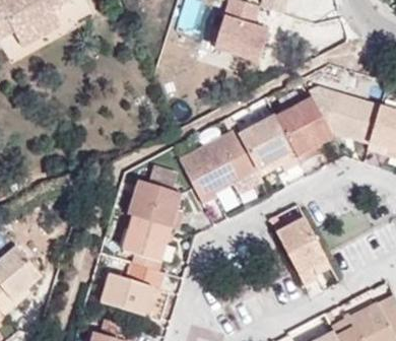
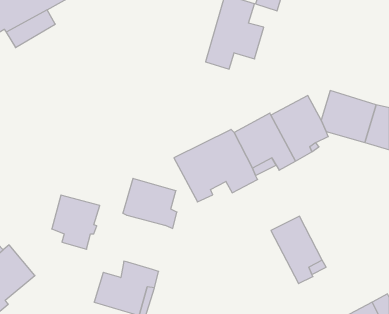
building: [124,215,172,269] -> [52,195,100,249]

